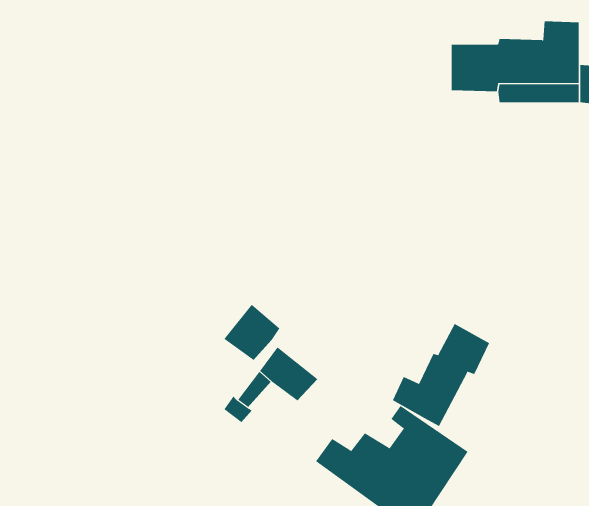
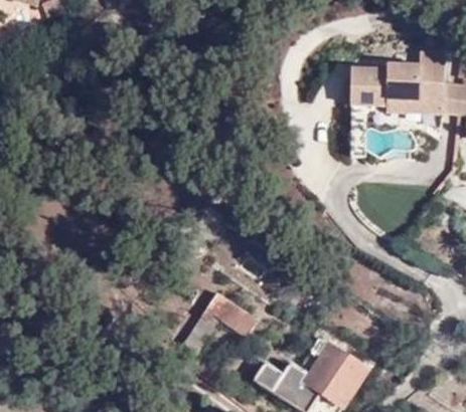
building: [224,304,280,361] -> none
building: [392,323,490,427] -> none

